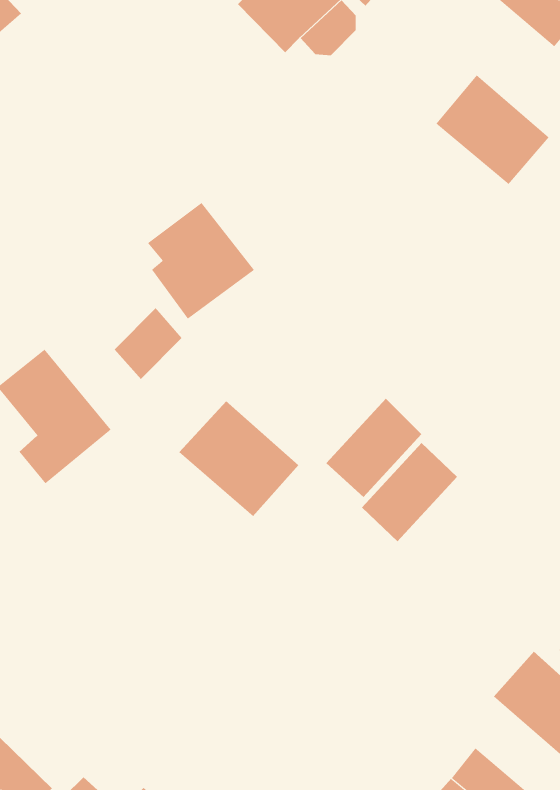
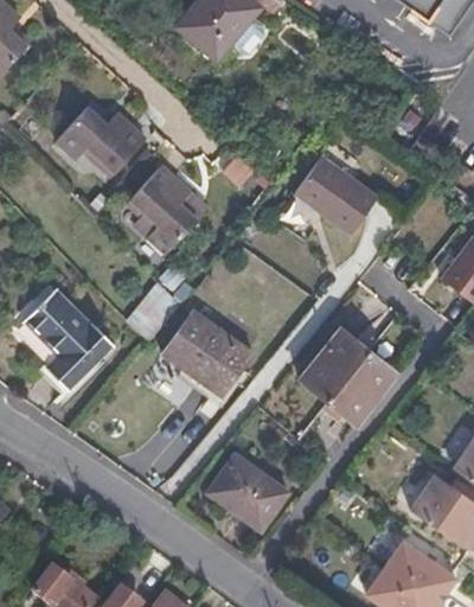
building: [436,75,550,185] -> [293,156,376,234]
building: none -> [59,109,145,180]
building: [114,307,183,380] -> [130,283,179,337]
building: [325,398,422,498] -> [328,350,396,423]
building: none -> [210,453,287,528]

